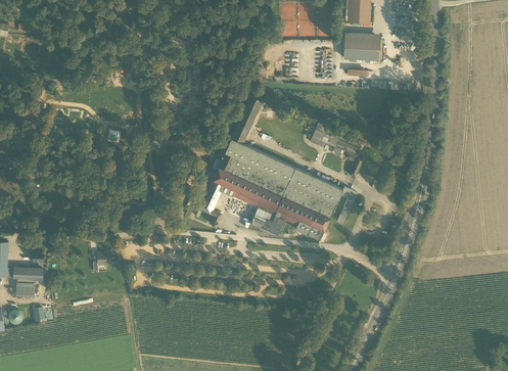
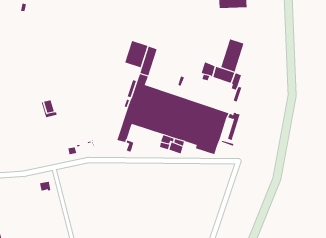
building: none -> [125,40,148,68]
building: none -> [220,38,244,72]

